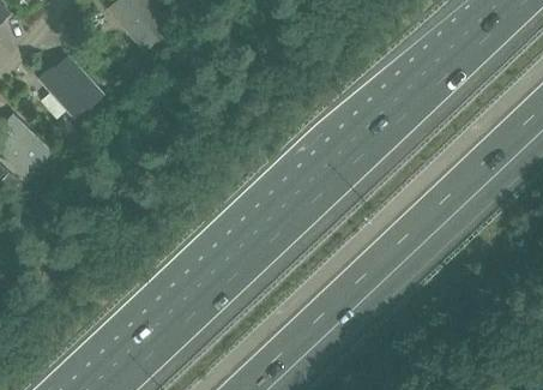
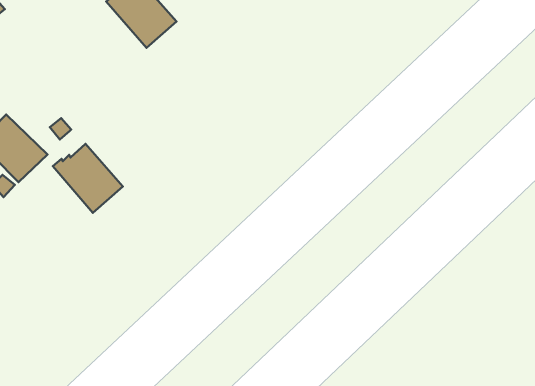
building: [38,55,105,121] -> [53,144,123,213]

